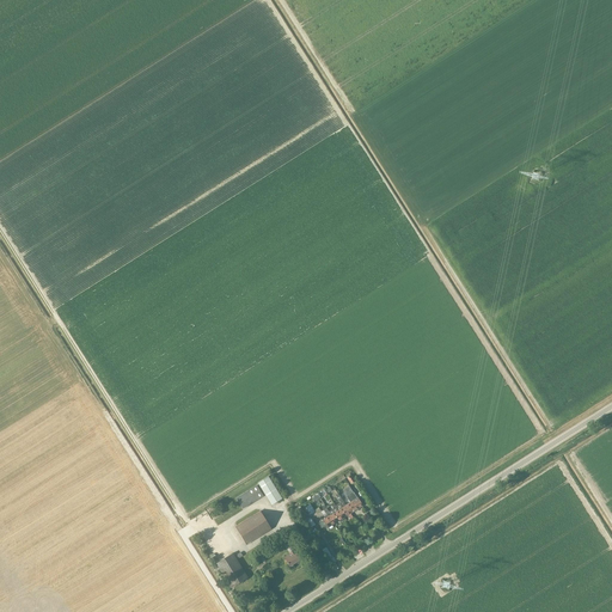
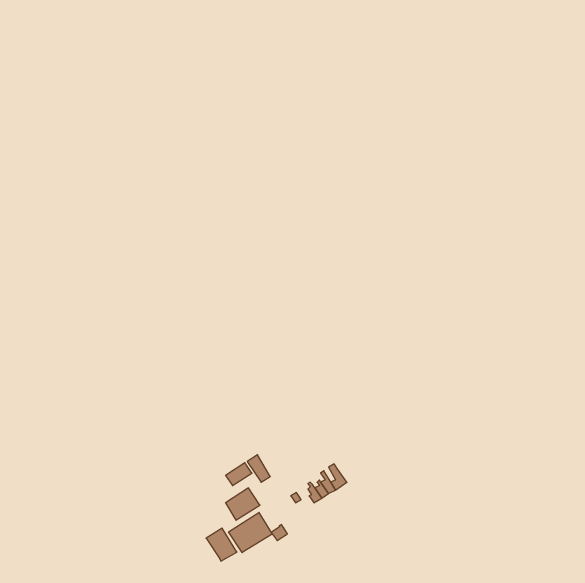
building: none -> [229,512,272,553]

